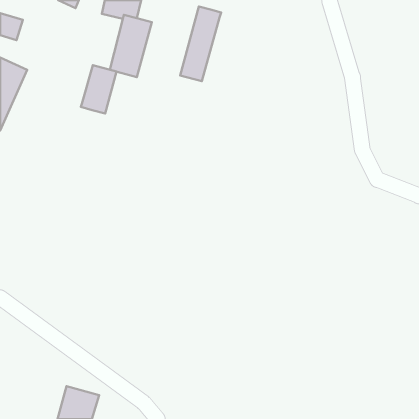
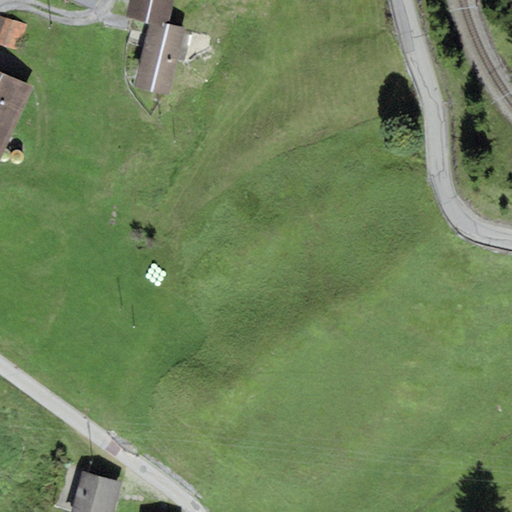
building: [180,6,221,81] -> none
building: [81,65,116,114] -> none

